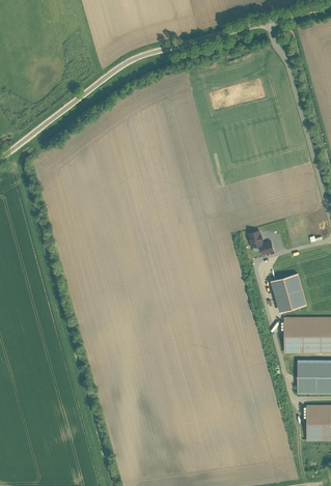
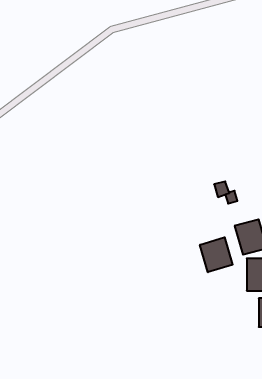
building: none -> [200,237,233,272]

